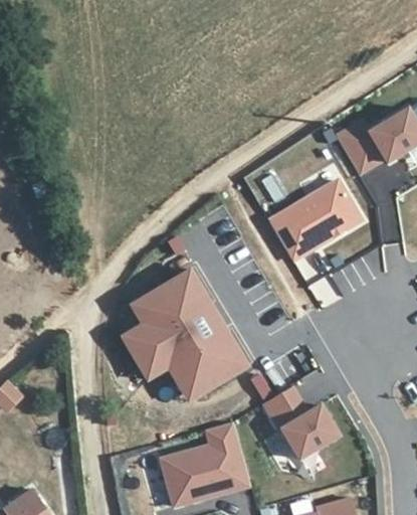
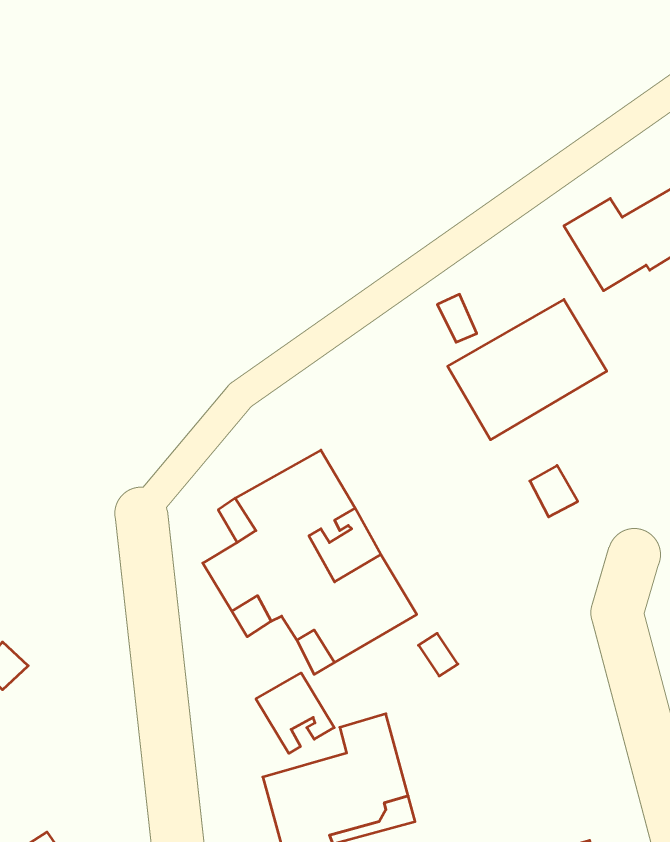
building: [264,386,340,459] -> none
building: none -> [256,673,334,753]

